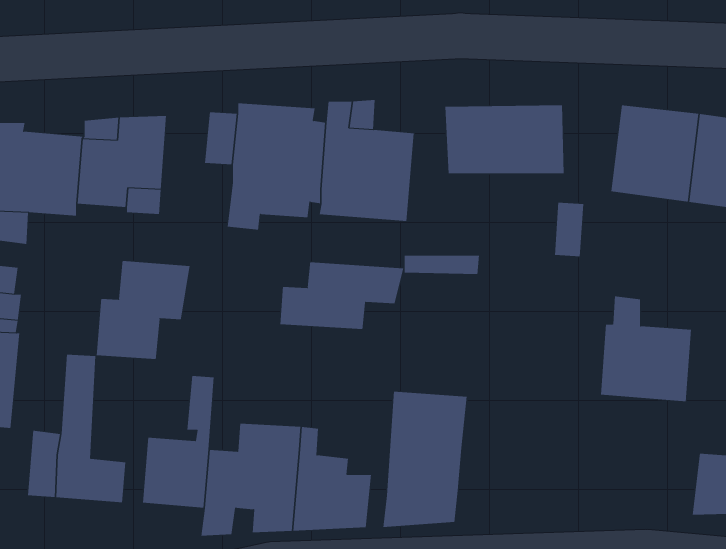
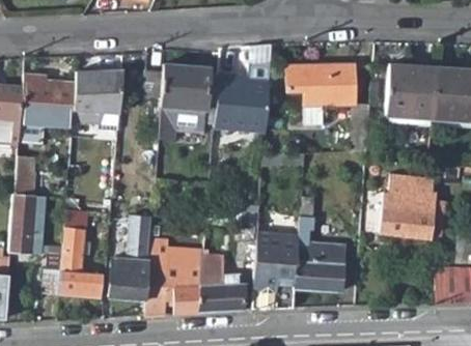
building: [96,260,190,360] -> none
building: [280,261,404,330] -> none
building: none -> [297,217,344,292]

